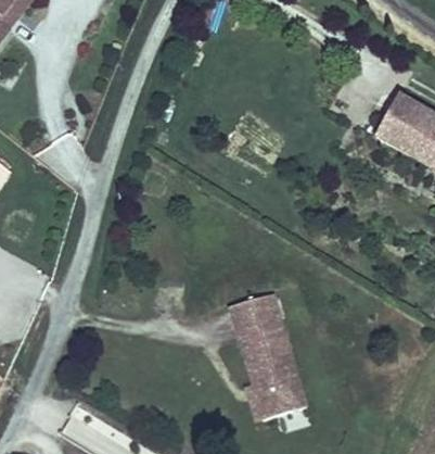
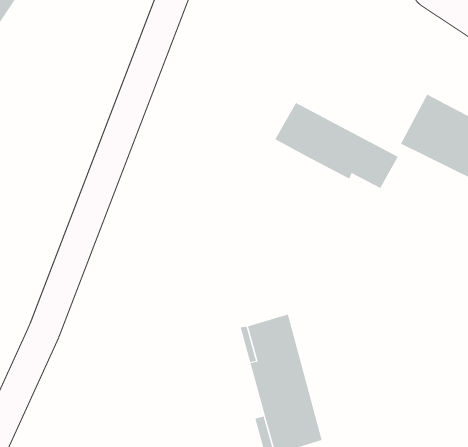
building: none -> [274,102,399,189]

